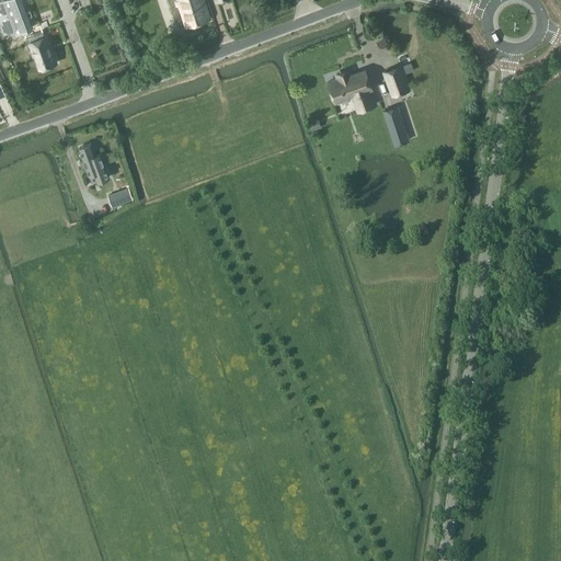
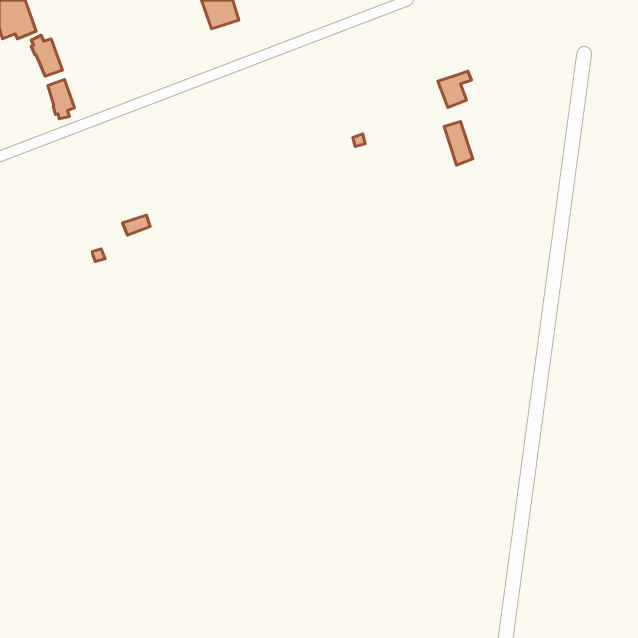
building: none -> [48,80,75,119]
building: [328,71,375,108] -> none
building: [79,144,108,182] -> none

